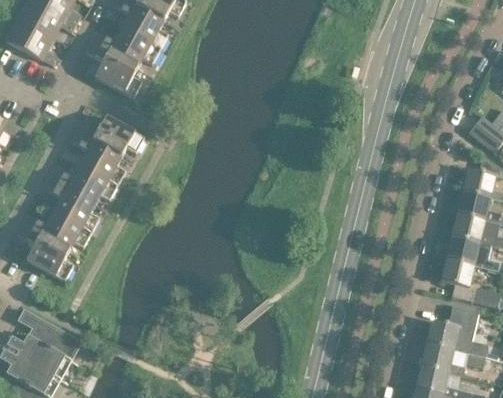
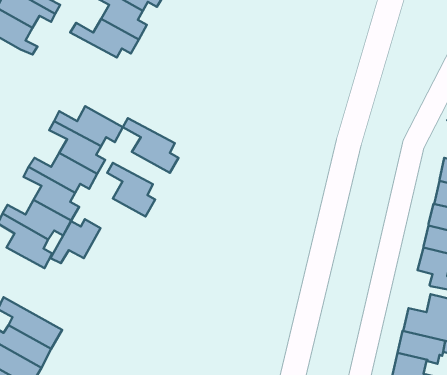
building: [85,43,141,98] -> [123,118,179,173]
building: none -> [107,163,155,216]
building: none -> [51,219,100,263]

